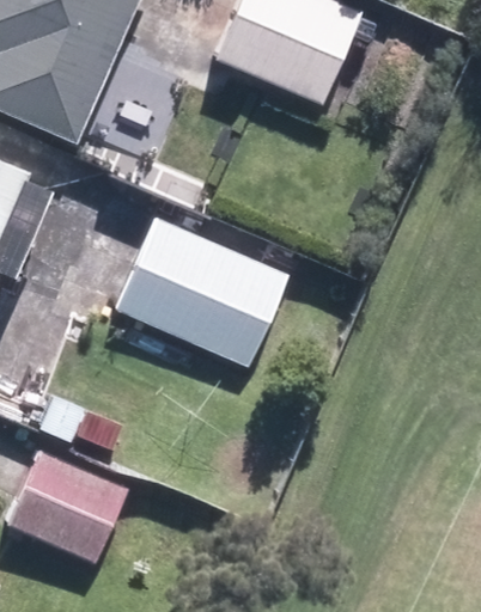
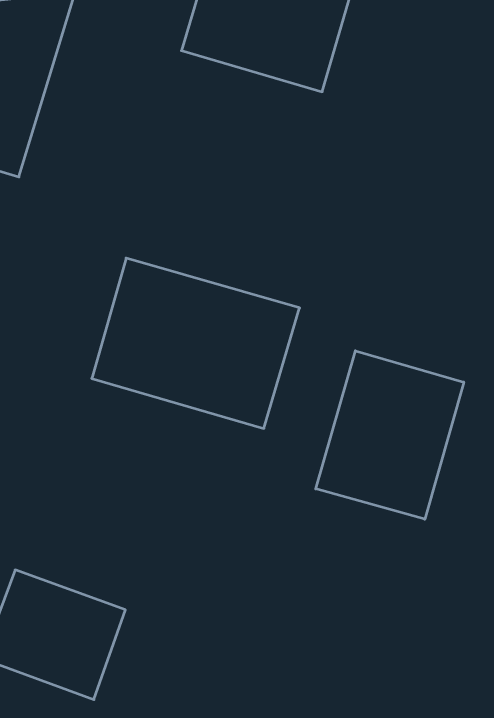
building: none -> [316,351,464,519]

